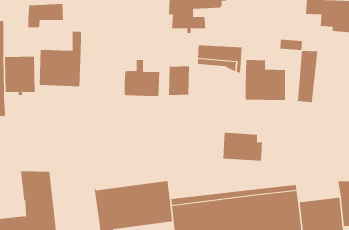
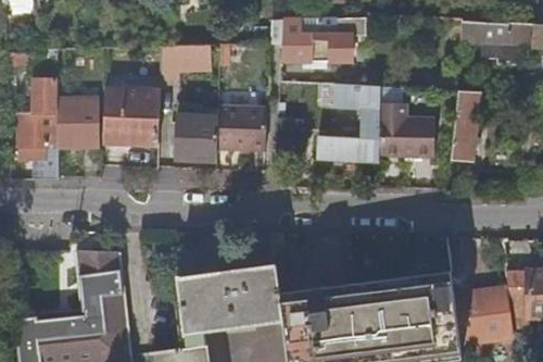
building: [28,4,64,28] -> [162,46,211,78]
building: none -> [171,116,219,160]
building: [222,132,263,161] -> [320,123,375,162]

